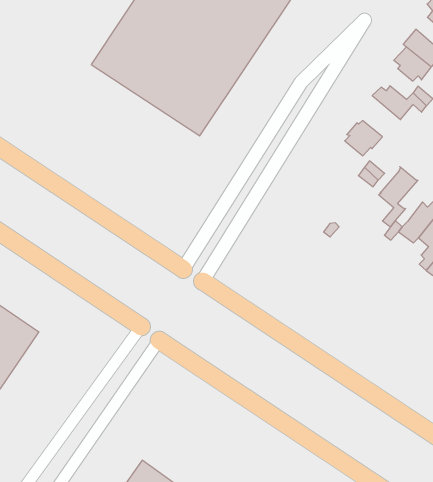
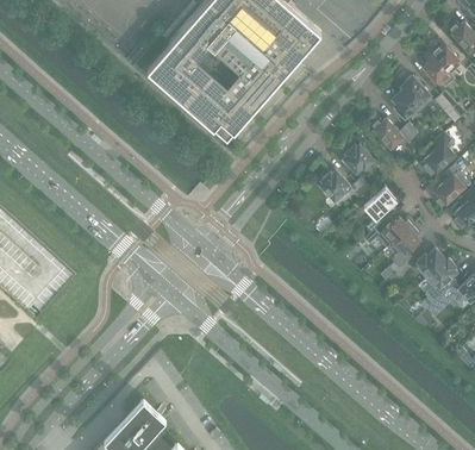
building: none -> [320,171,349,205]

